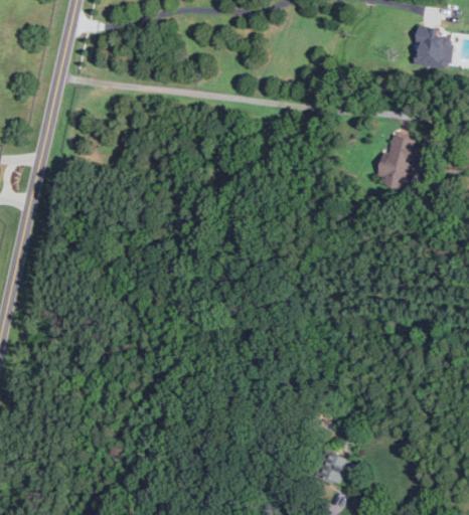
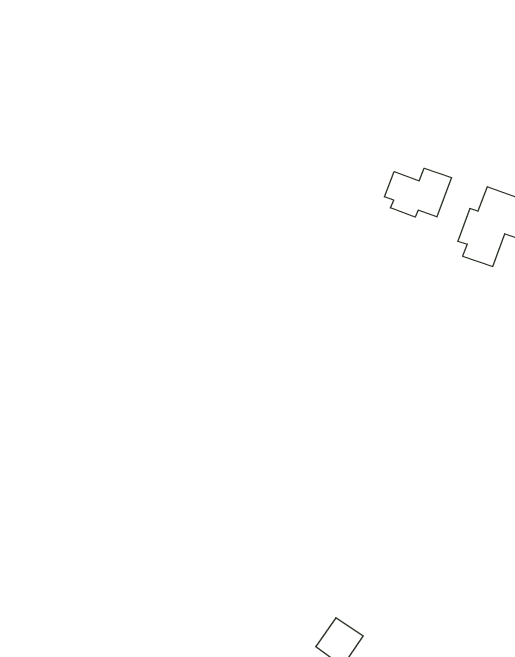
building: none -> [384,168,451,217]

